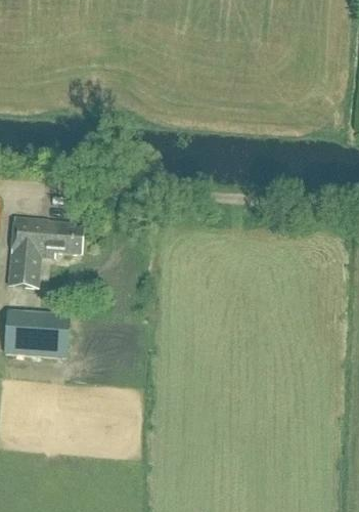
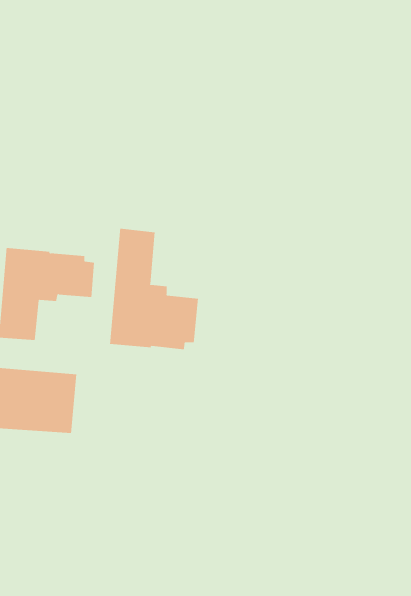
building: none -> [109,228,198,350]

